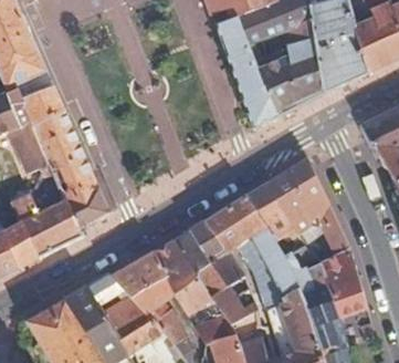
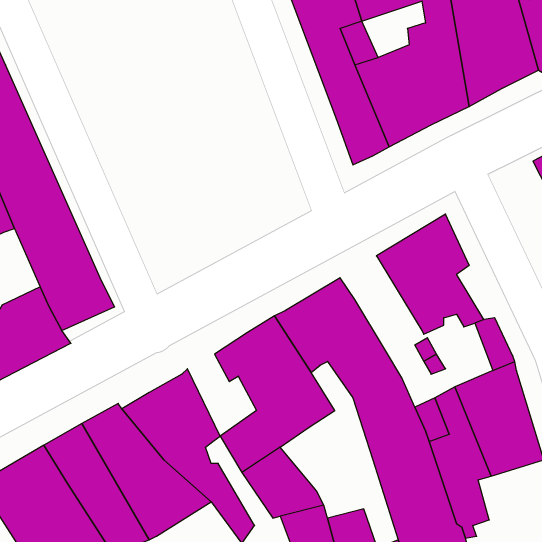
building: [246,183,296,240] -> none
building: [154,242,196,292] -> none
building: [210,287,256,324] -> none

